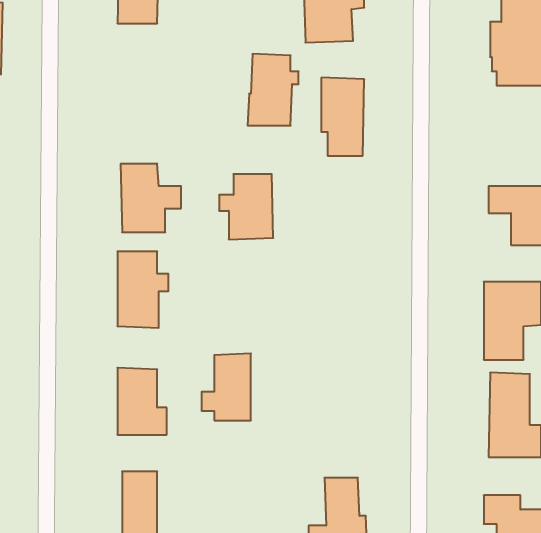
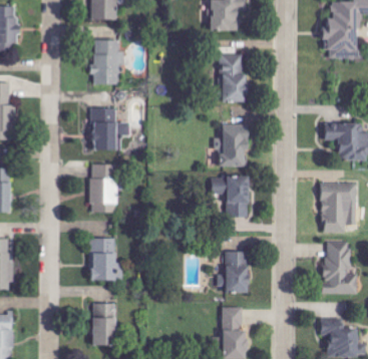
building: [248,54,299,126] -> [91,40,123,85]
building: [219,174,273,239] -> [214,124,248,165]
building: none -> [212,175,249,216]
building: [202,353,251,420] -> [218,250,249,292]

